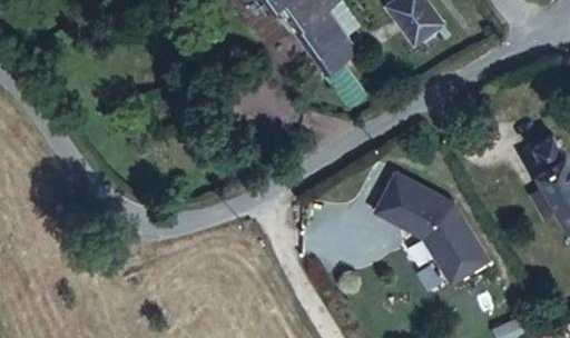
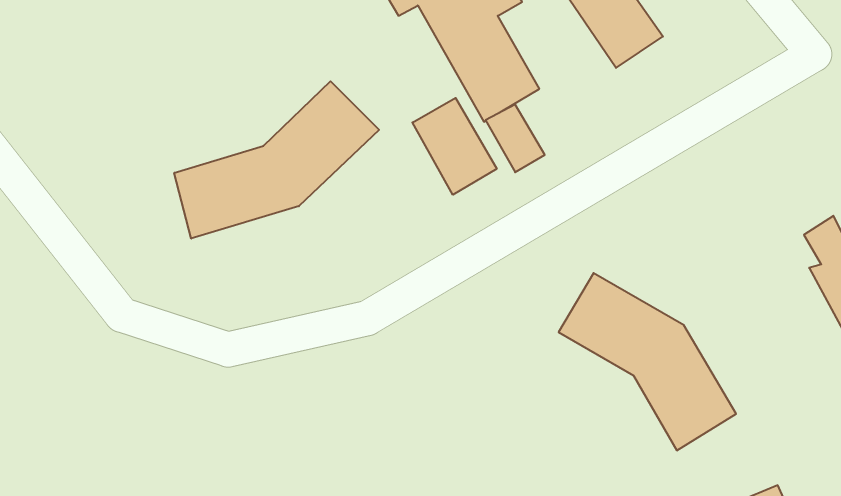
building: none -> [174,81,379,239]
building: none -> [412,98,497,195]

